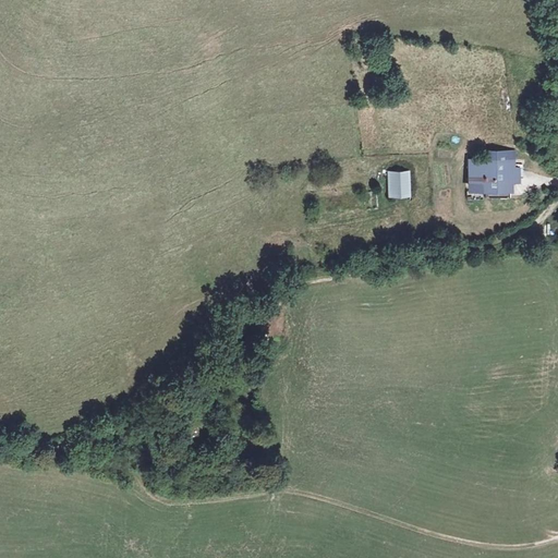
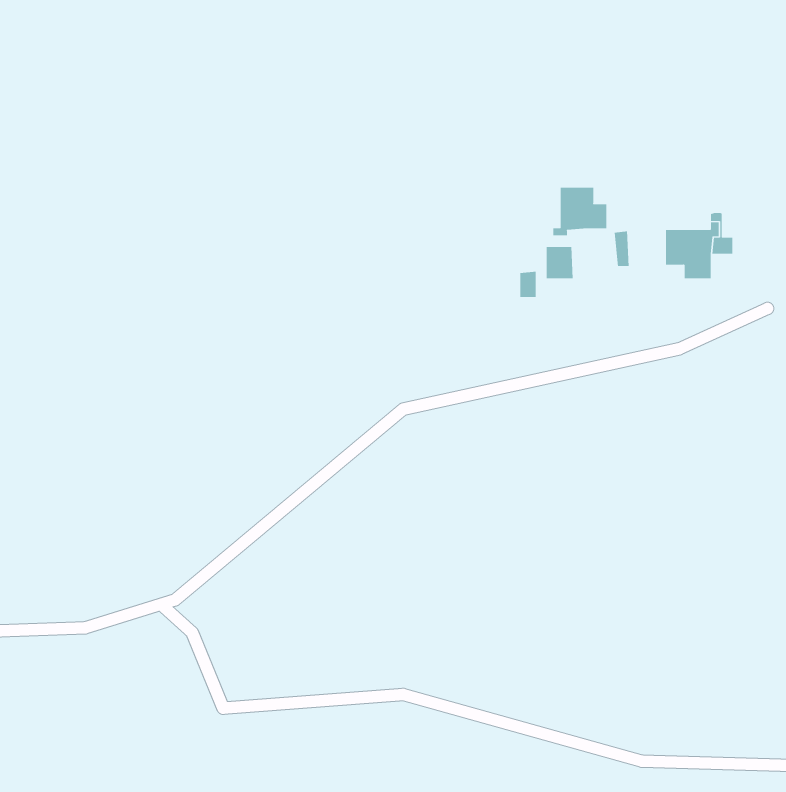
building: none -> [553,187,607,236]

